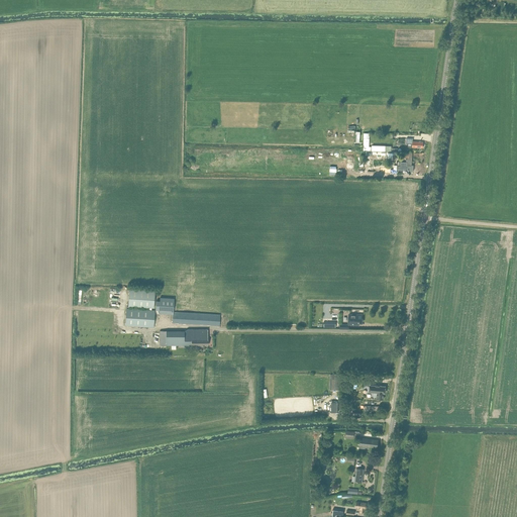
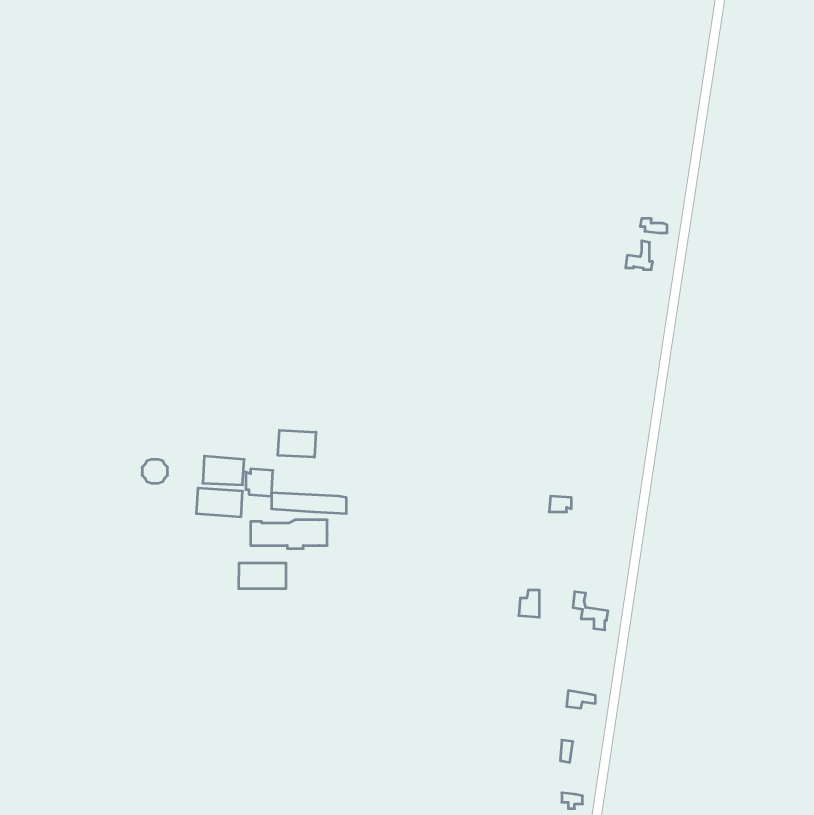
building: none -> [278,430,316,457]
building: none -> [239,563,286,589]

